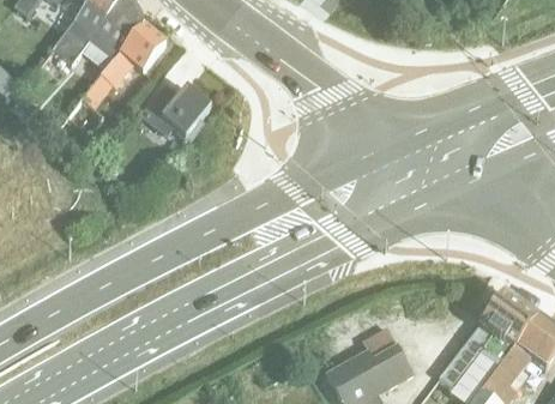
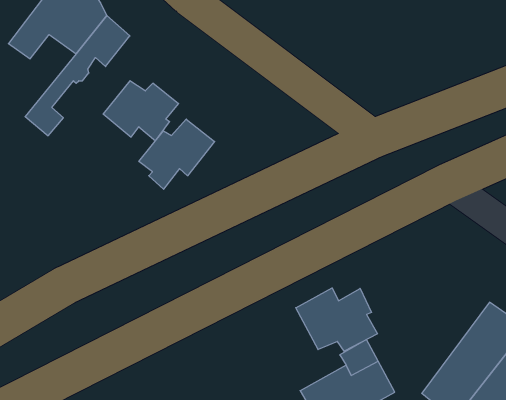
building: none -> [139,119,215,189]
building: none -> [296,288,377,351]

